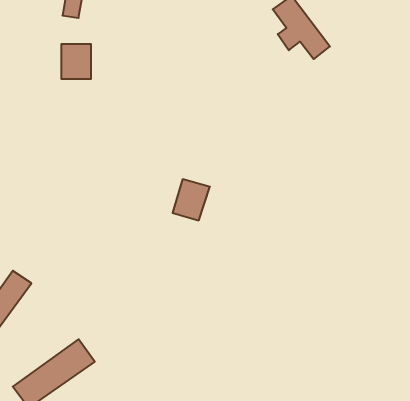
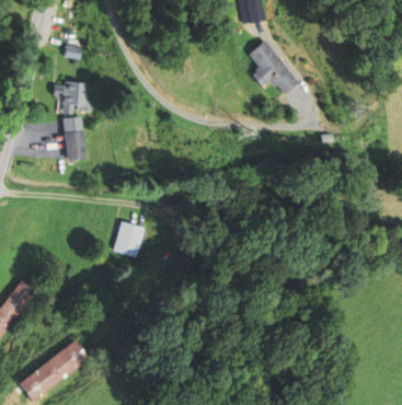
building: none -> [62,116,84,160]
building: [173,179,210,220] -> [112,221,145,257]

